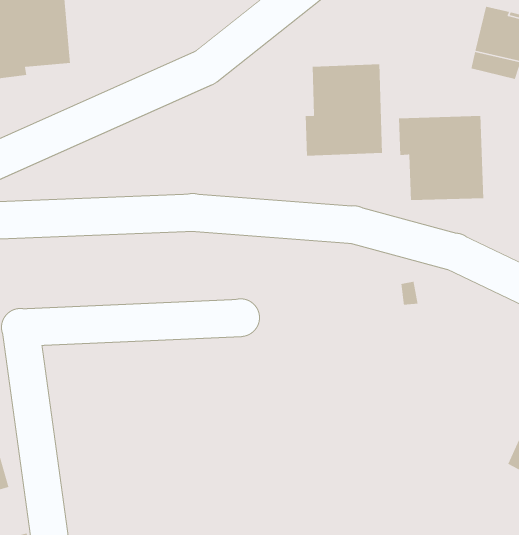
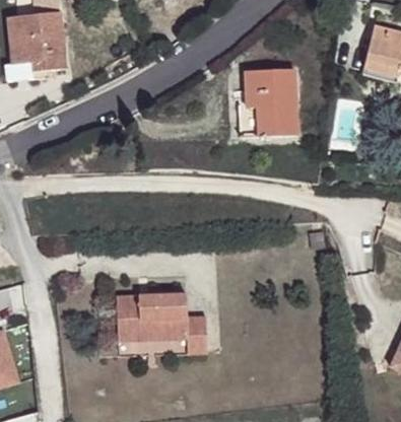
building: [398,115,484,201] -> none
building: none -> [116,292,207,352]

